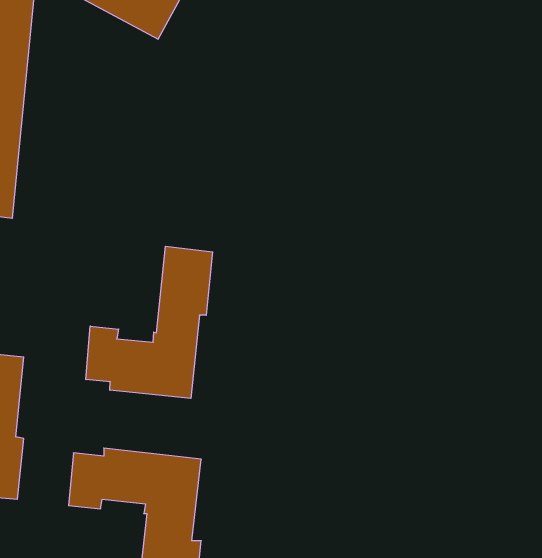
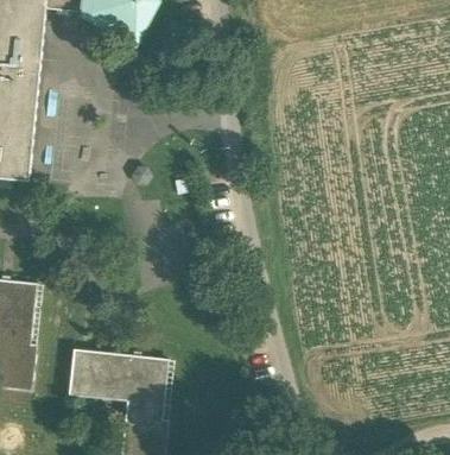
building: [86,246,213,398] -> none

